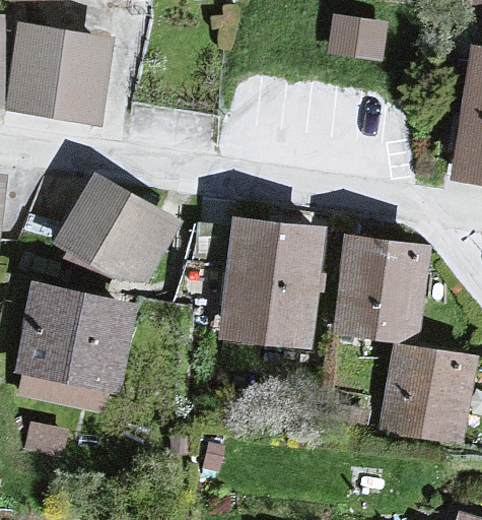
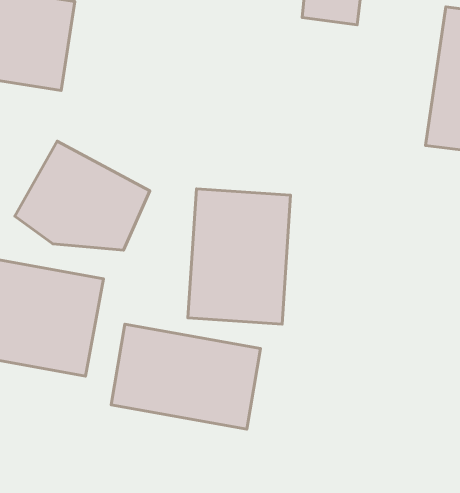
building: [338,240,426,341] -> none
building: [382,345,476,443] -> none
building: none -> [111,324,261,429]

